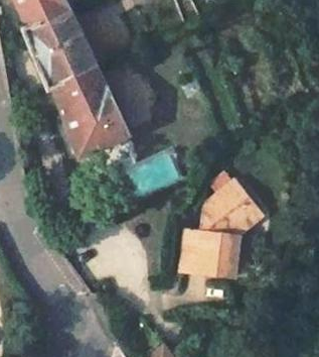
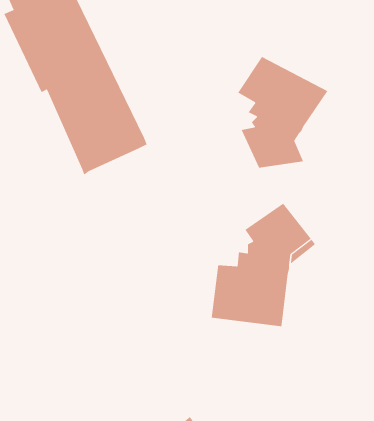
building: none -> [237,56,328,168]

